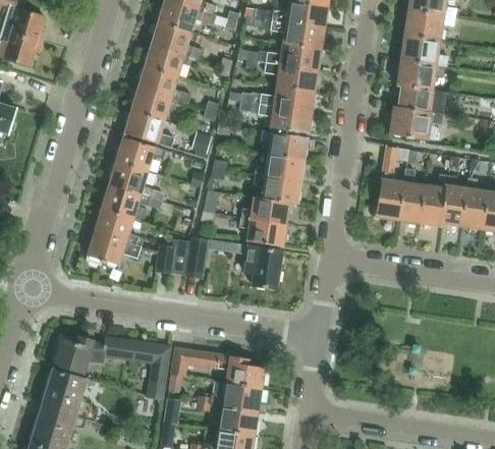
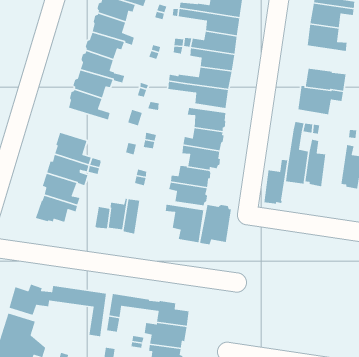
building: [397,59,435,89] -> none
building: [114,136,164,169] -> none
building: [419,172,447,225] -> [264,159,288,205]
building: none -> [199,204,232,245]

